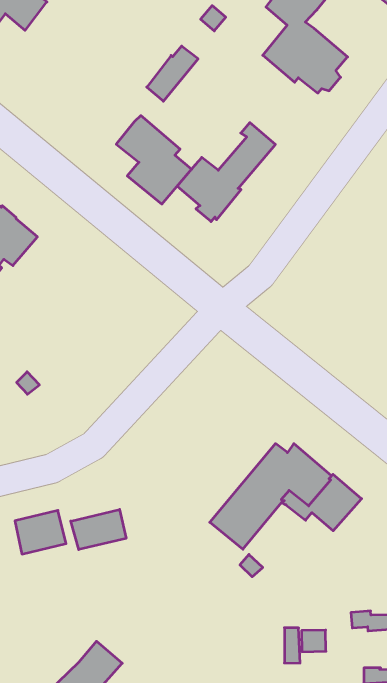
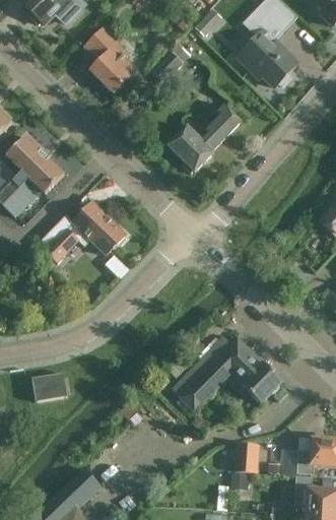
building: [116,116,192,204] -> [84,26,137,91]
building: none -> [38,200,126,261]
building: [71,509,126,550] -> none
building: none -> [234,442,259,472]

